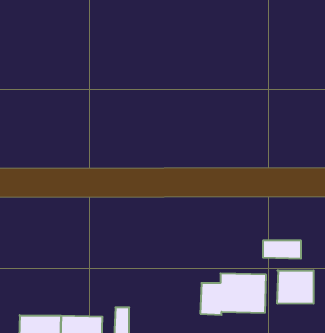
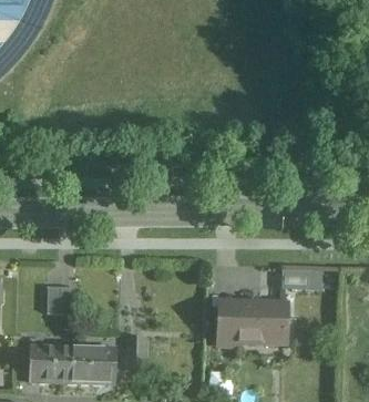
building: none -> [48,286,74,312]
building: [277,270,314,304] -> none

